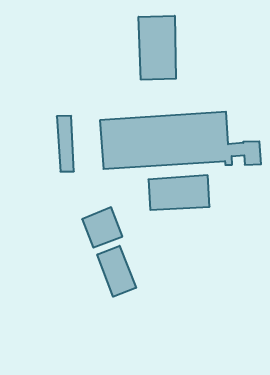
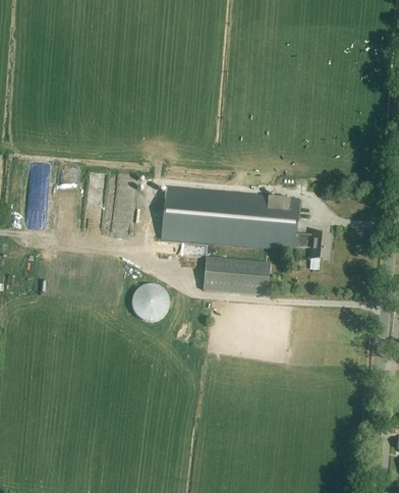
building: [139,16,176,80] -> none
building: [97,246,136,297] -> none

